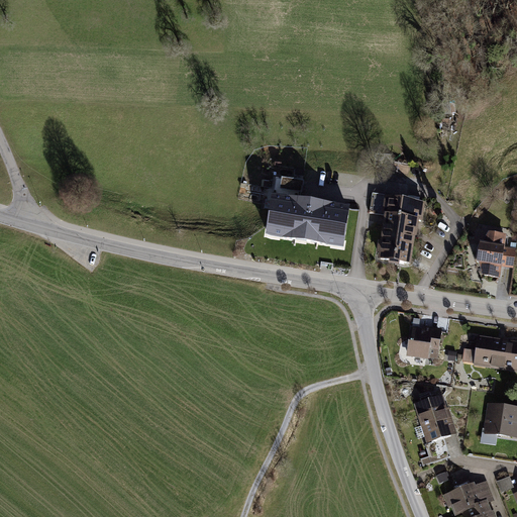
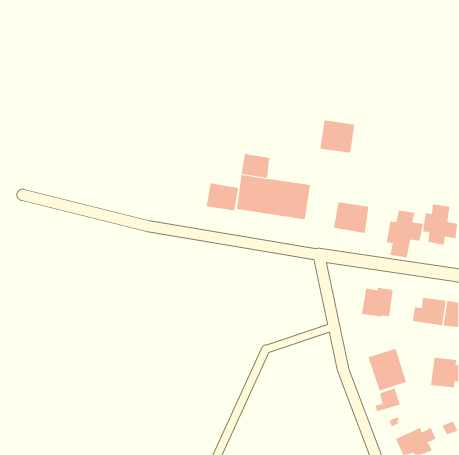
building: [380,195,420,232] -> [319,120,355,153]
building: none -> [206,182,239,211]
building: none -> [386,210,423,258]

